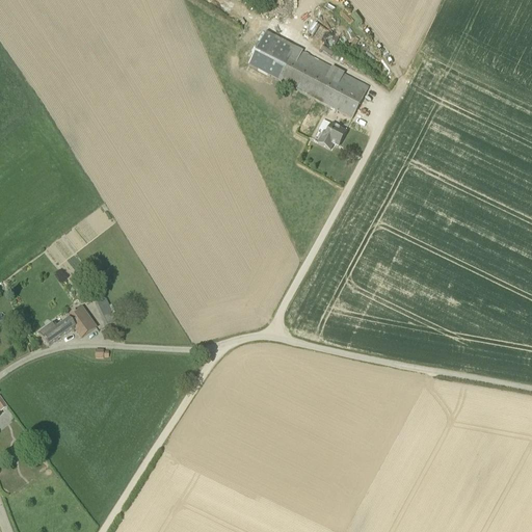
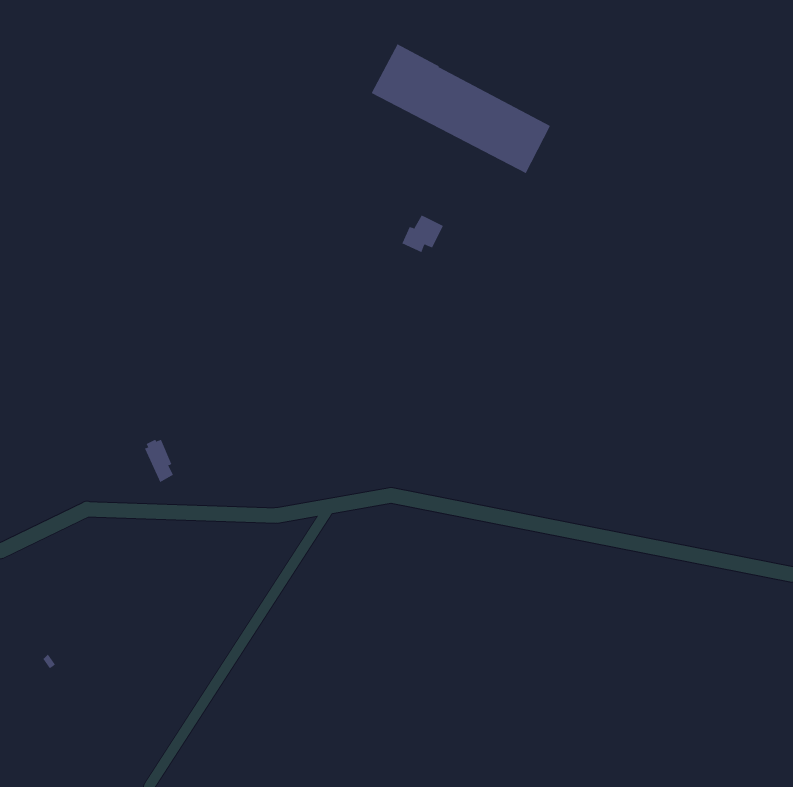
building: [317,121,346,147] -> [402,214,445,253]
building: [41,304,96,344] -> none

